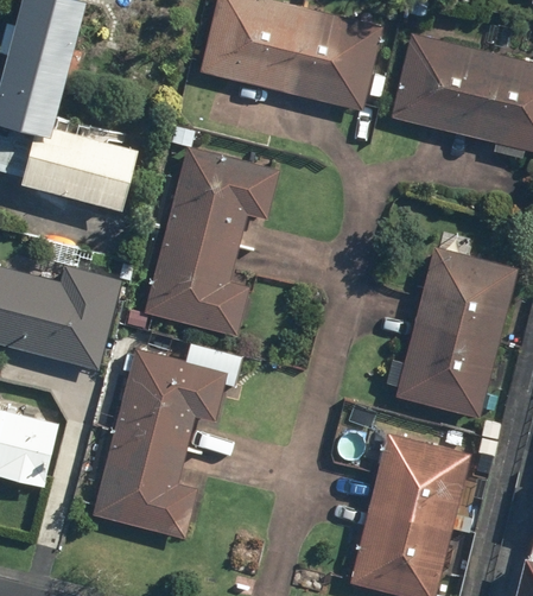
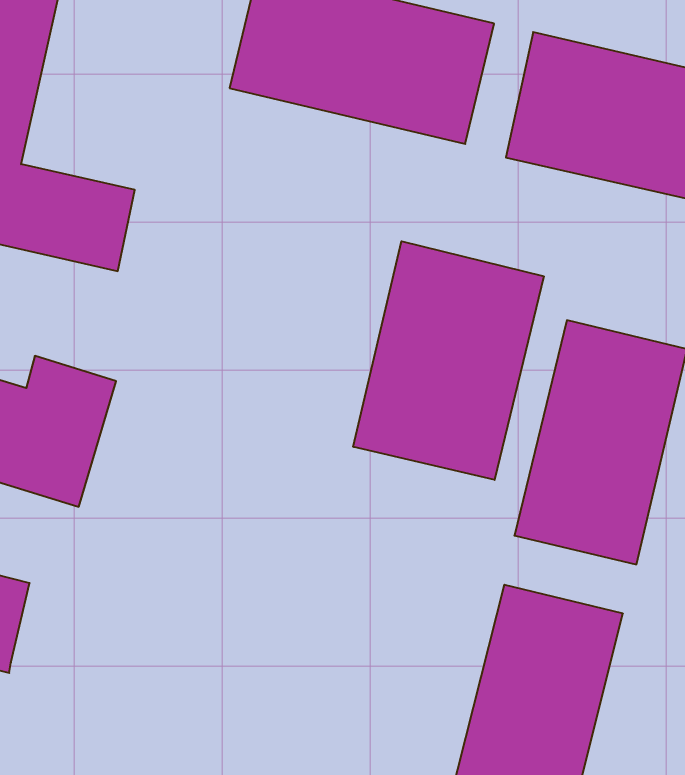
building: [148,140,281,329] -> none
building: none -> [353,241,544,480]
building: [93,344,231,532] -> none

